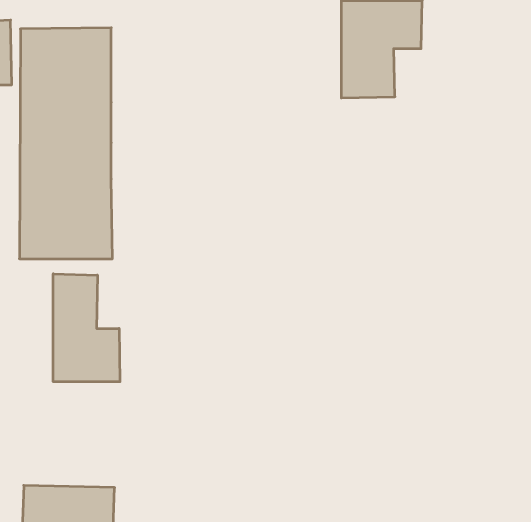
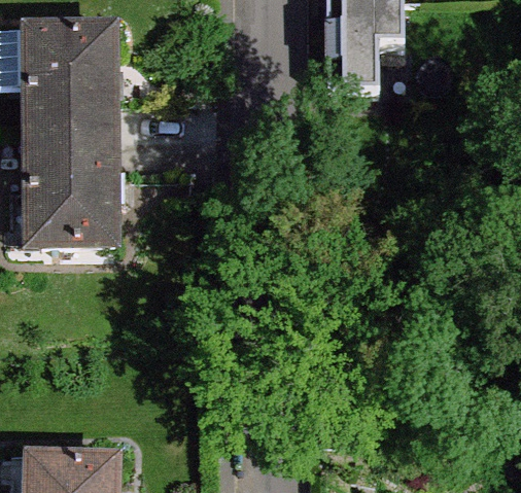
building: [53,274,120,382] -> none

